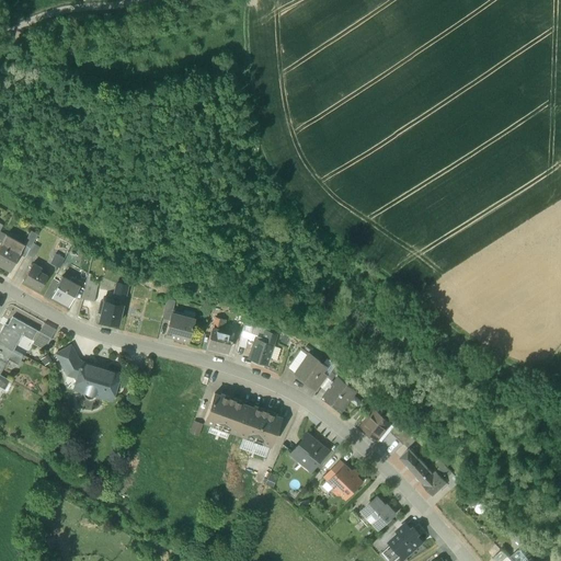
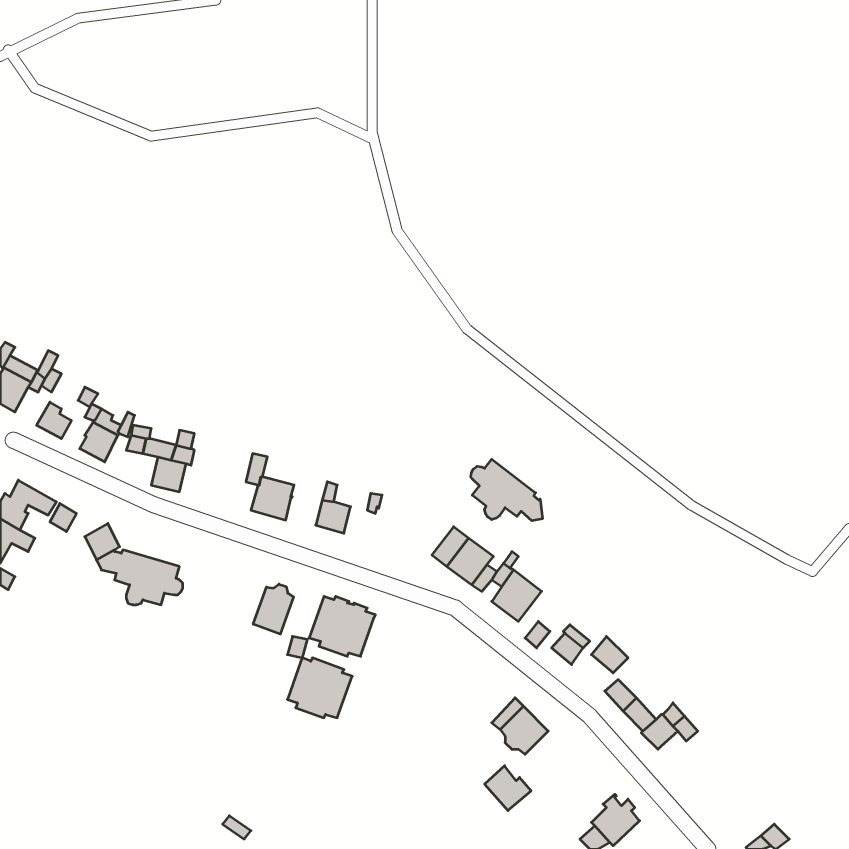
building: none -> [471,459,542,521]
building: [250,332,276,364] -> none
building: none -> [253,584,294,634]
building: [238,405,280,445] -> [287,658,352,718]
building: [293,434,327,470] -> none
building: [364,497,394,527] -> [485,766,531,811]

